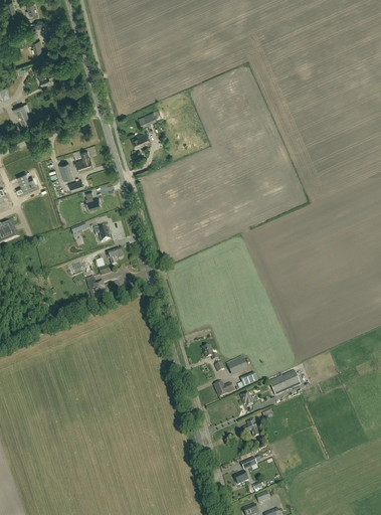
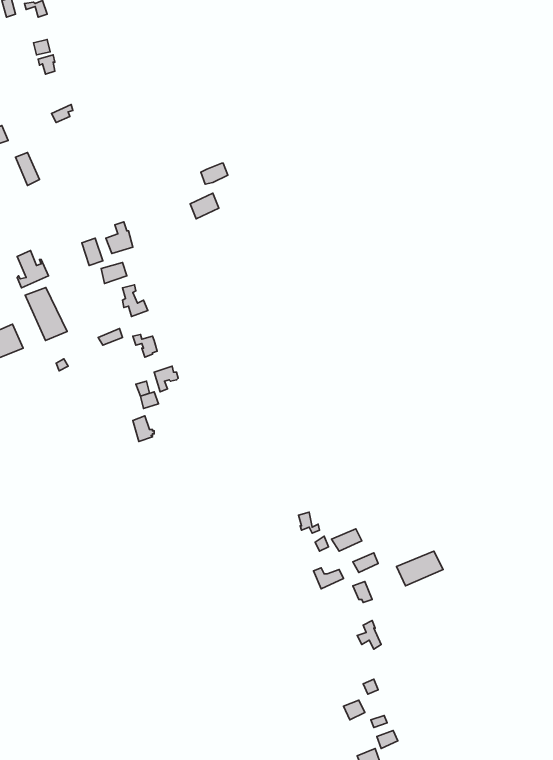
building: none -> [25,287,67,340]

